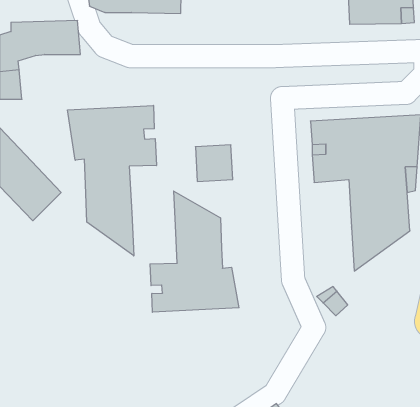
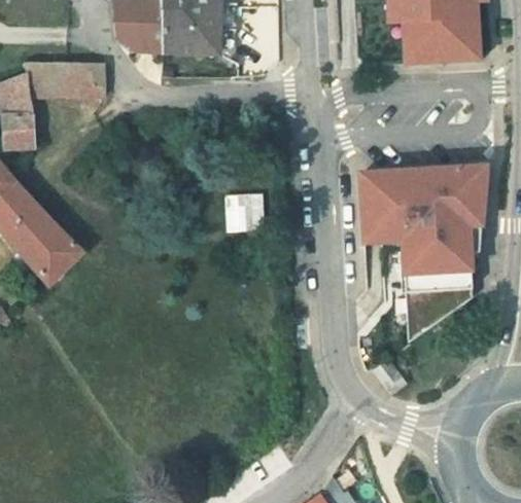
building: [68,105,156,256] -> none
building: [150,191,239,312] -> none

